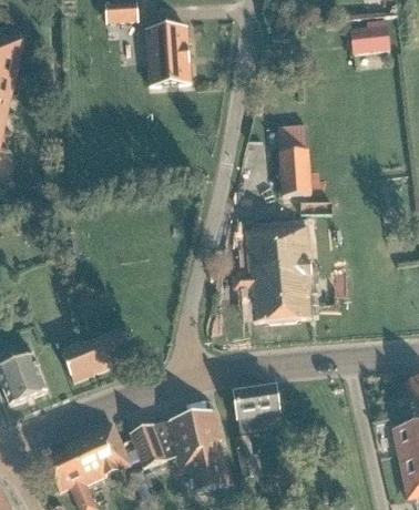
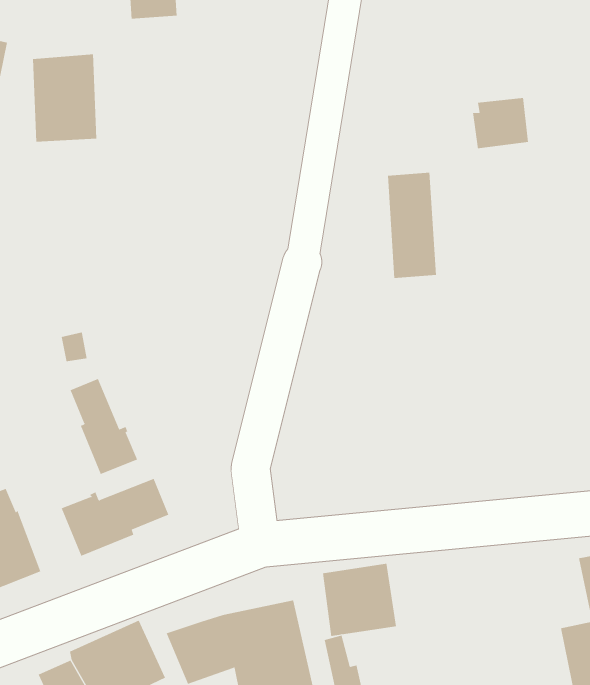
building: [350,19,388,53] -> [472,97,529,149]
building: [146,26,190,84] -> [32,54,97,142]
building: [226,224,311,320] -> none
building: none -> [70,378,138,475]

